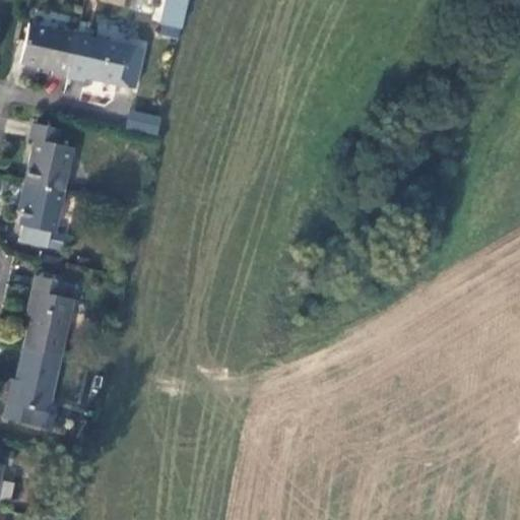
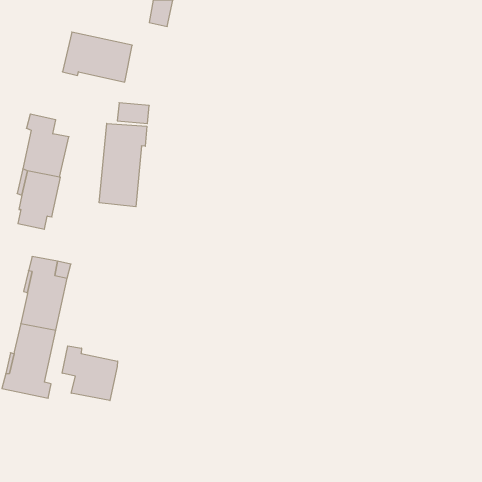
building: [20,23,78,77] -> none
building: none -> [99,123,147,207]
building: none -> [62,346,118,401]

